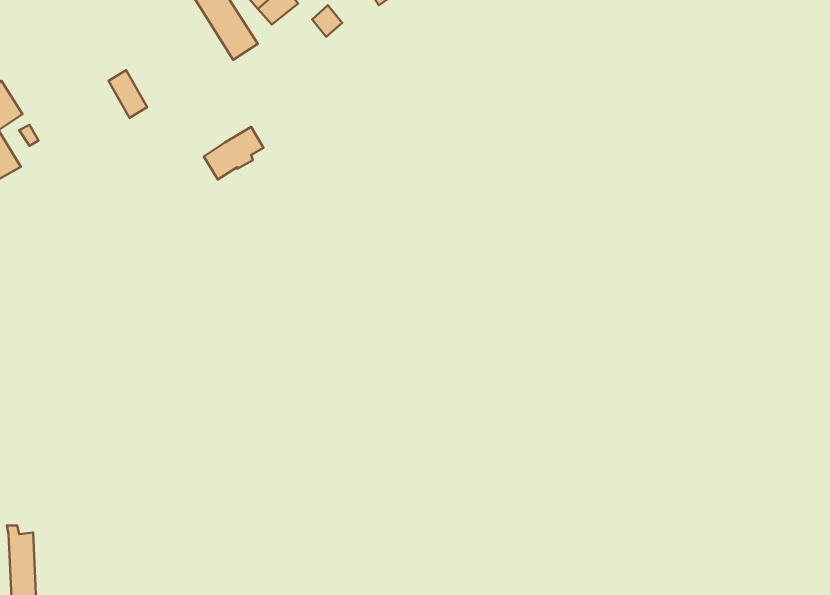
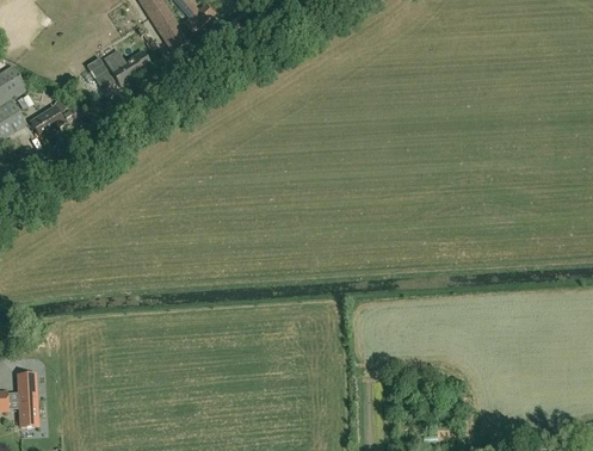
building: [204,127,263,179] -> [110,49,150,85]
building: none -> [29,104,63,135]

